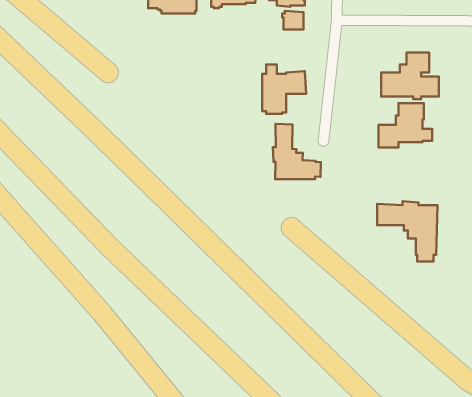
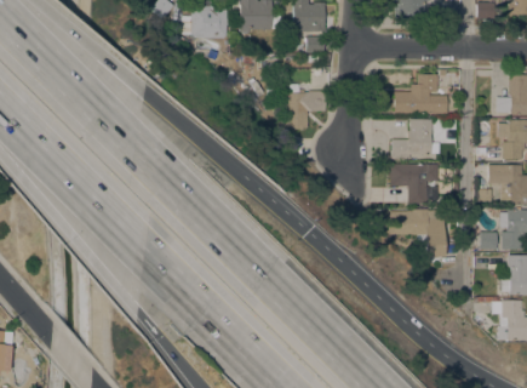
building: [273,124,321,179] -> none
building: none -> [391,162,439,204]

